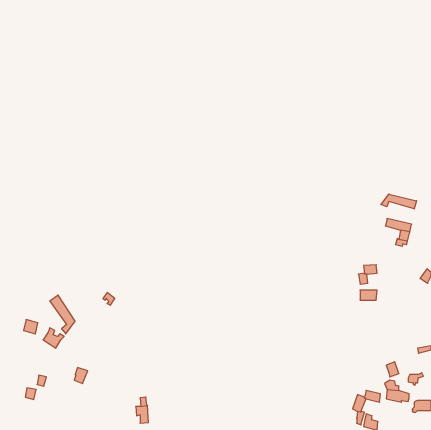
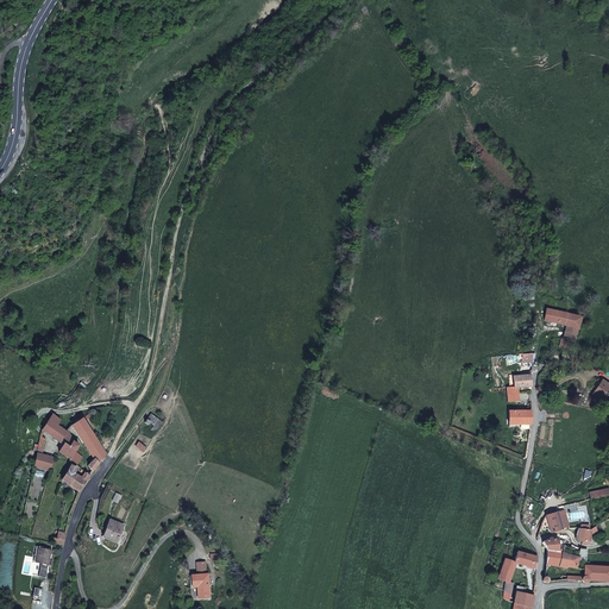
building: [381,194,417,209] -> none
building: none -> [42,413,79,457]

